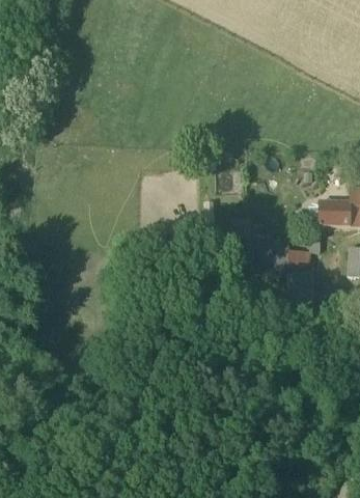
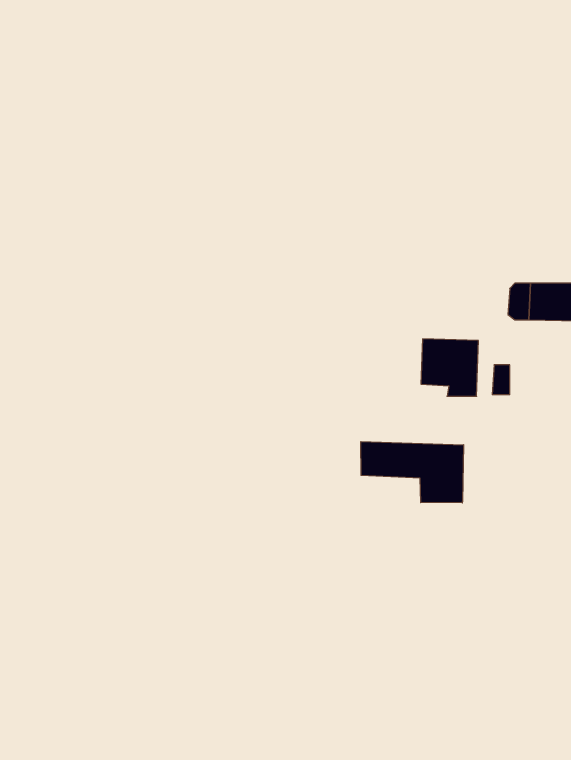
building: none -> [361,442,464,503]

